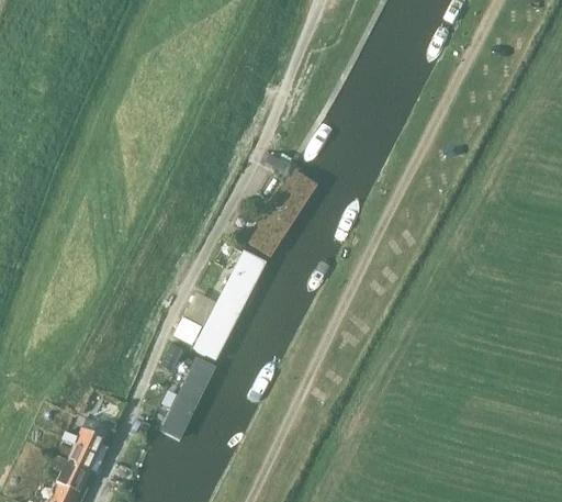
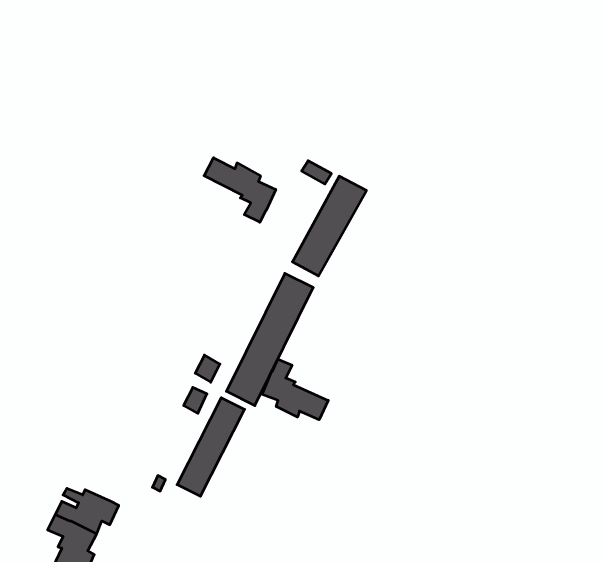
building: none -> [204,158,276,222]
building: none -> [262,359,328,420]

